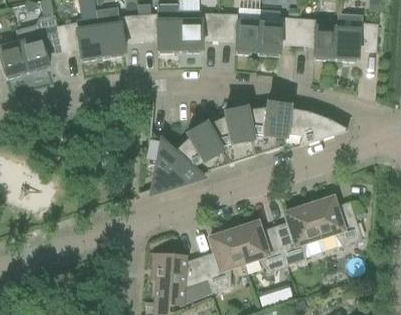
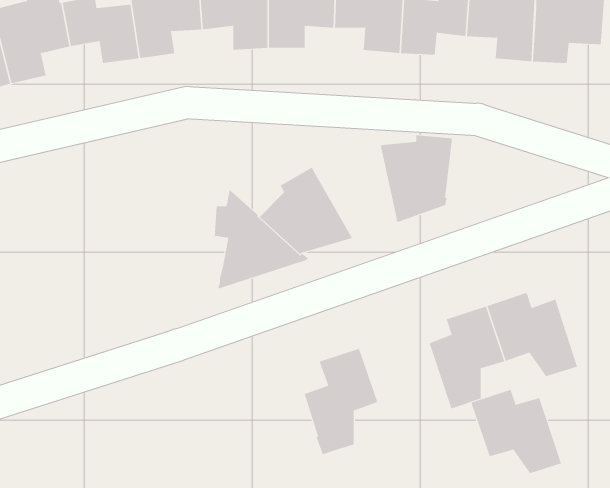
building: [206,107,255,164] -> none
building: [284,107,346,146] -> none
building: [233,221,287,271] -> [470,389,562,474]
building: [155,251,211,304] -> none

